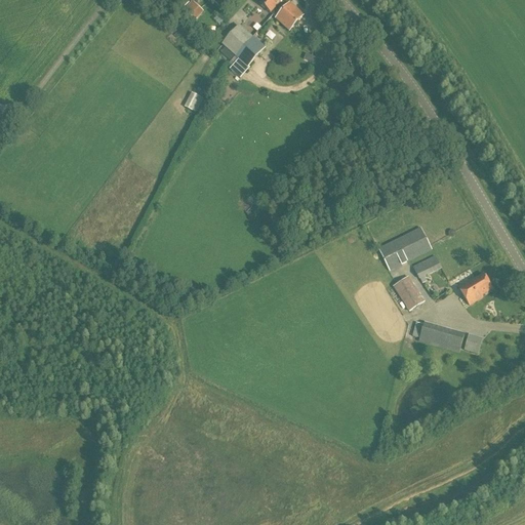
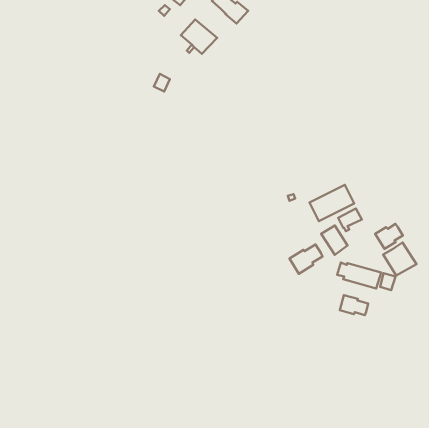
building: none -> [383,243,416,276]
building: none -> [289,244,323,274]
building: none -> [340,295,368,315]

